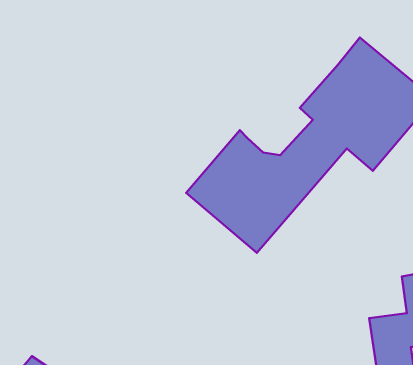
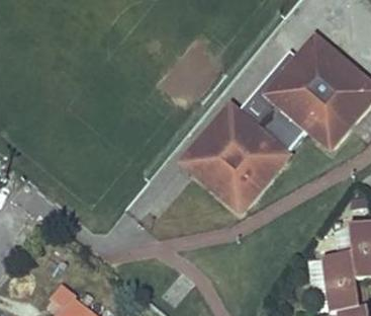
building: none -> [229,51,299,132]

